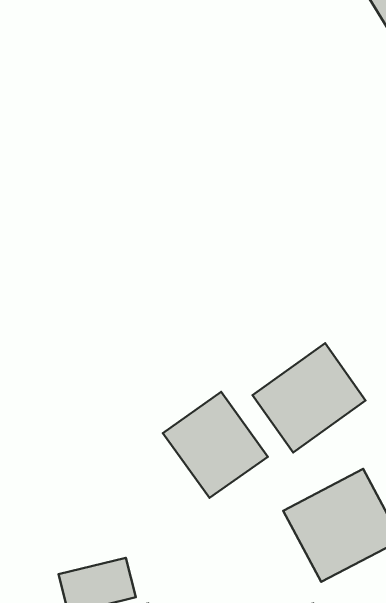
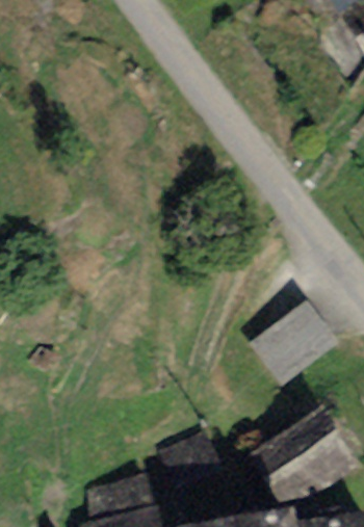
building: [163,392,268,498] -> none

